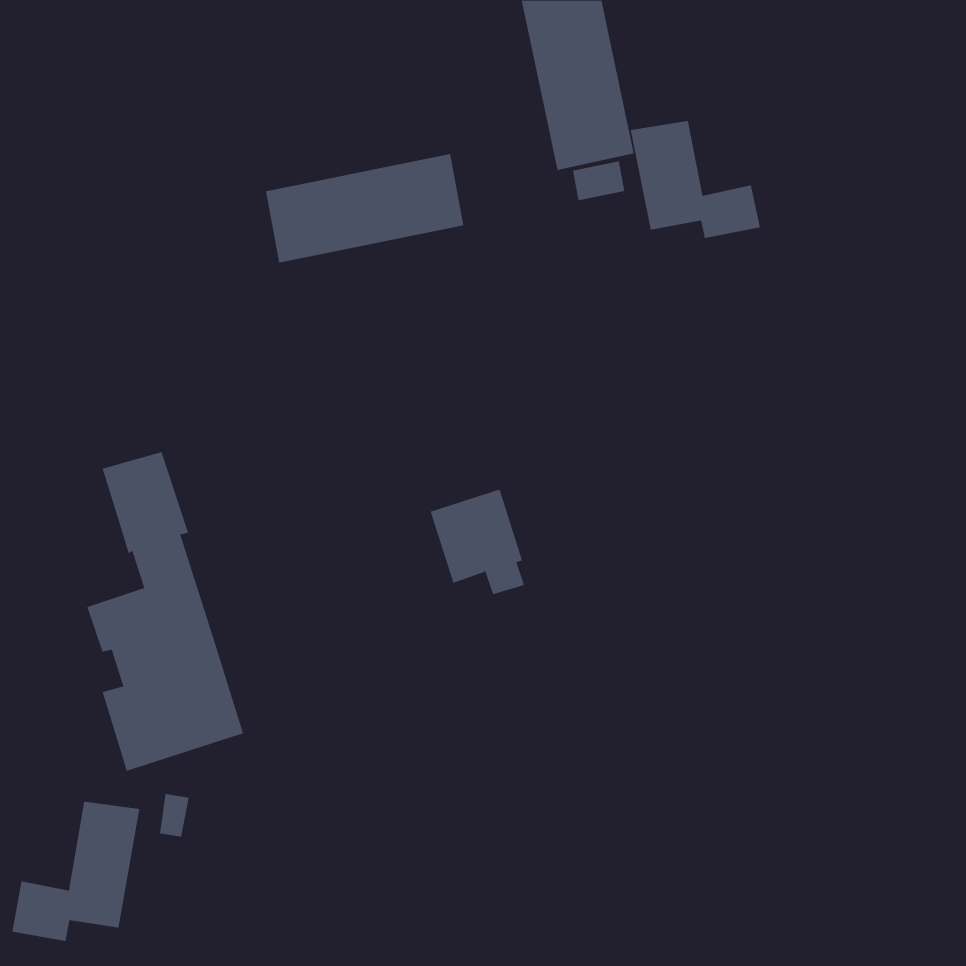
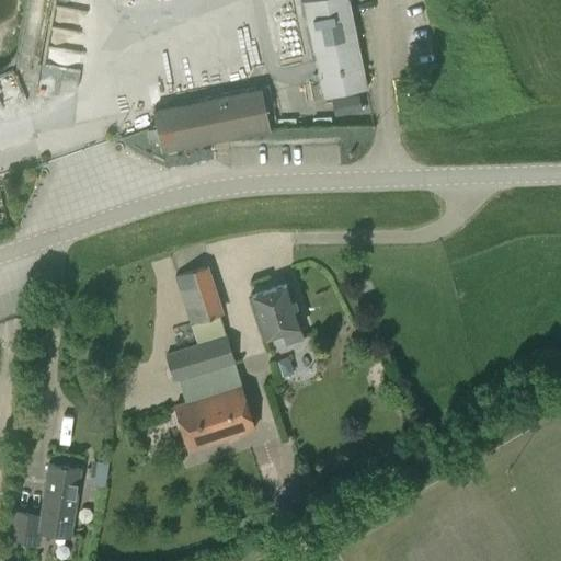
building: [630,120,761,239] -> none
building: [87,451,244,772] -> [165,266,256,451]

